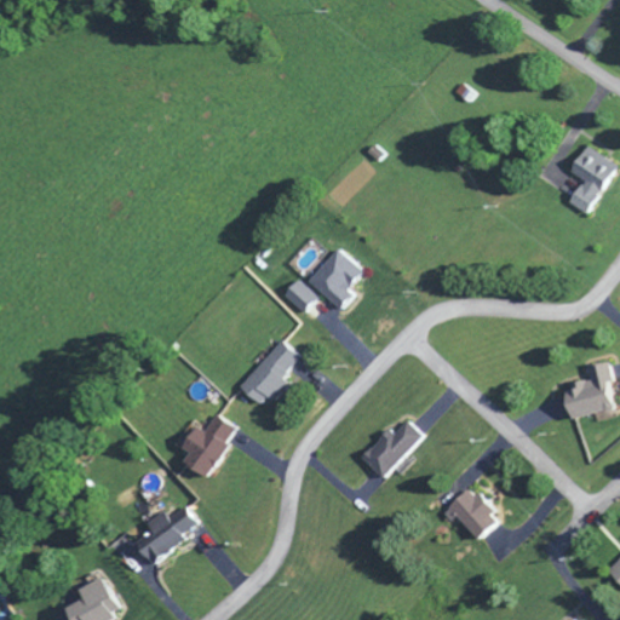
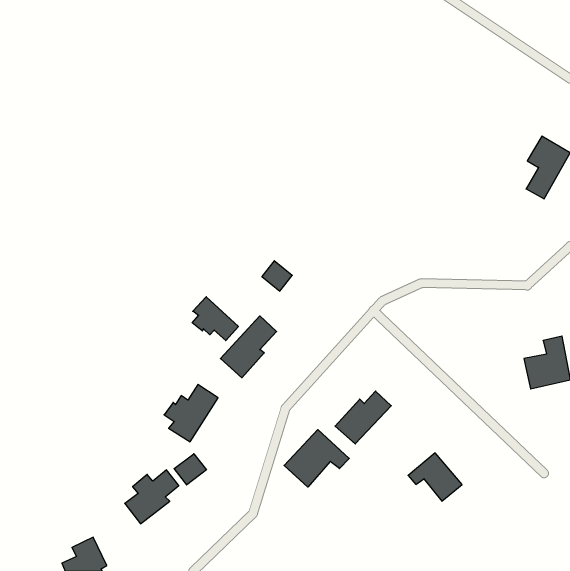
building: [308,249,362,310] -> none
building: none -> [192,297,238,341]
building: none -> [284,430,349,487]
building: none -> [174,454,206,485]

